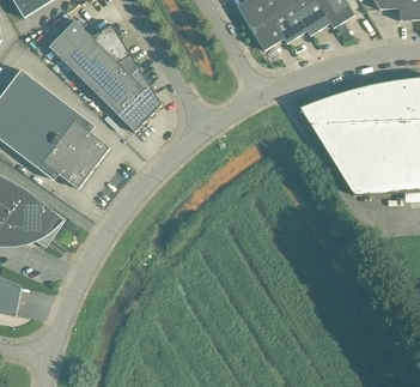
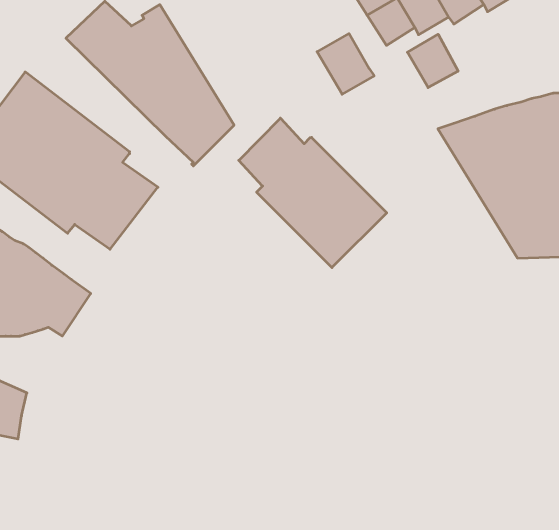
building: none -> [317,34,374,94]
building: none -> [407,34,458,88]
building: none -> [239,118,387,268]

